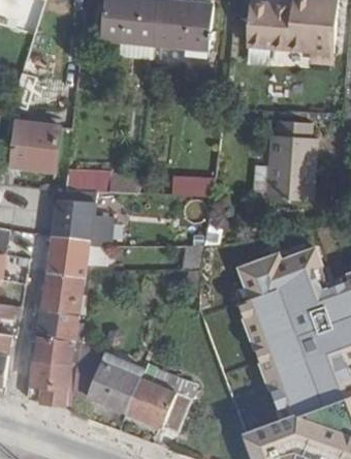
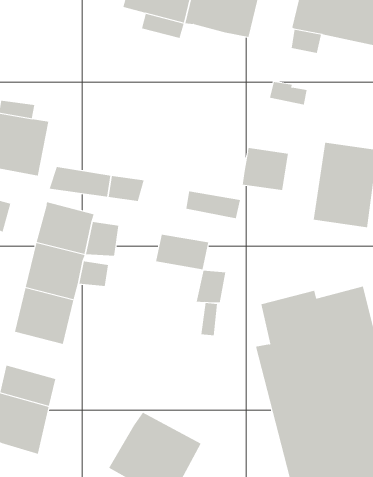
building: none -> [242,147,288,191]
building: none -> [155,234,209,270]
building: [35,307,79,341] -> none
building: [74,345,141,408] -> none

